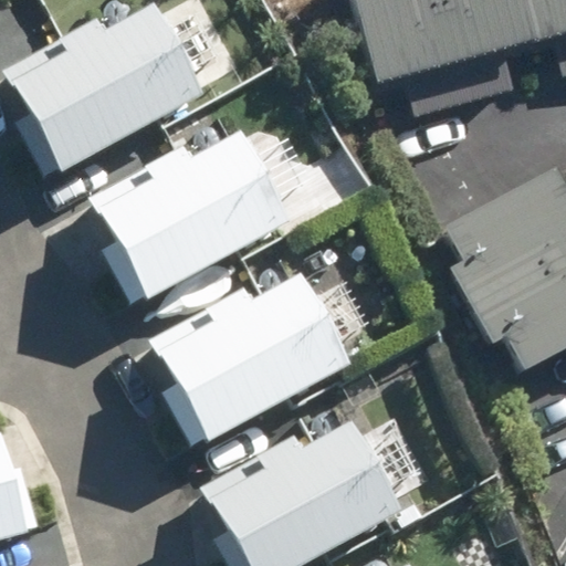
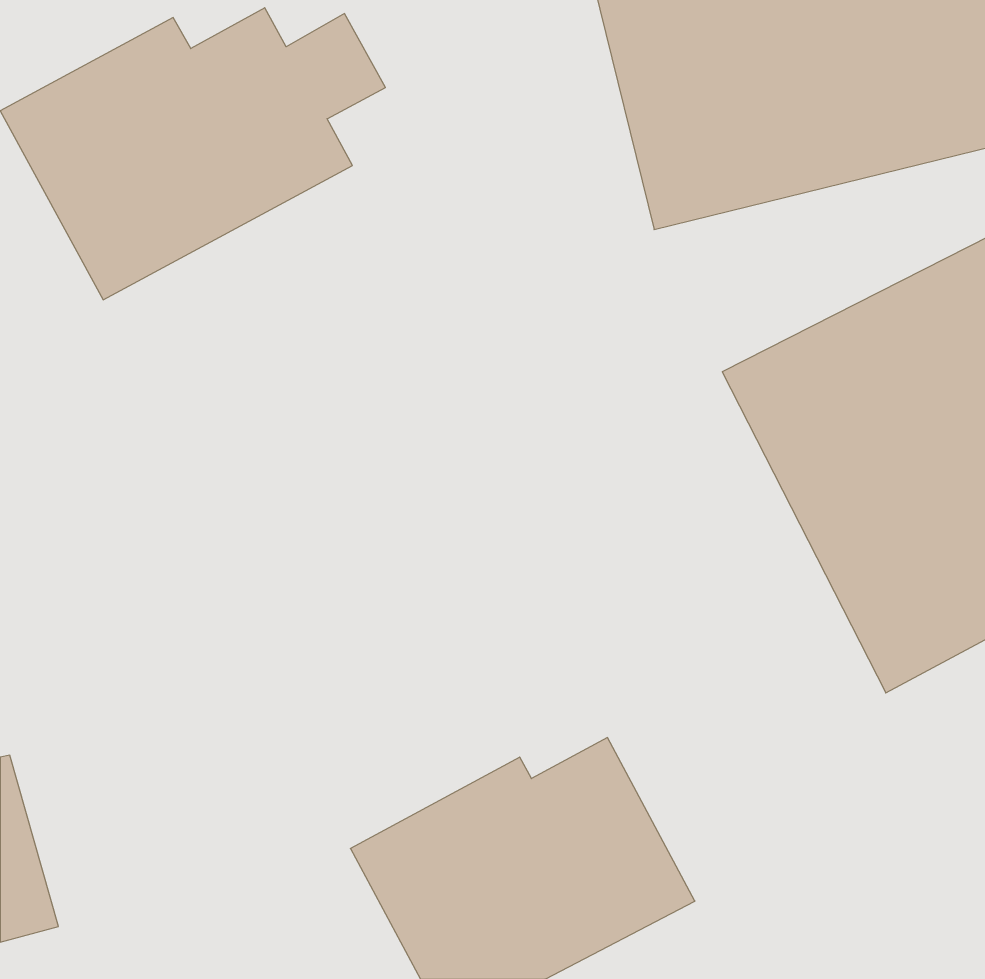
building: [86,128,294,303] -> none
building: [150,268,354,443] -> none

